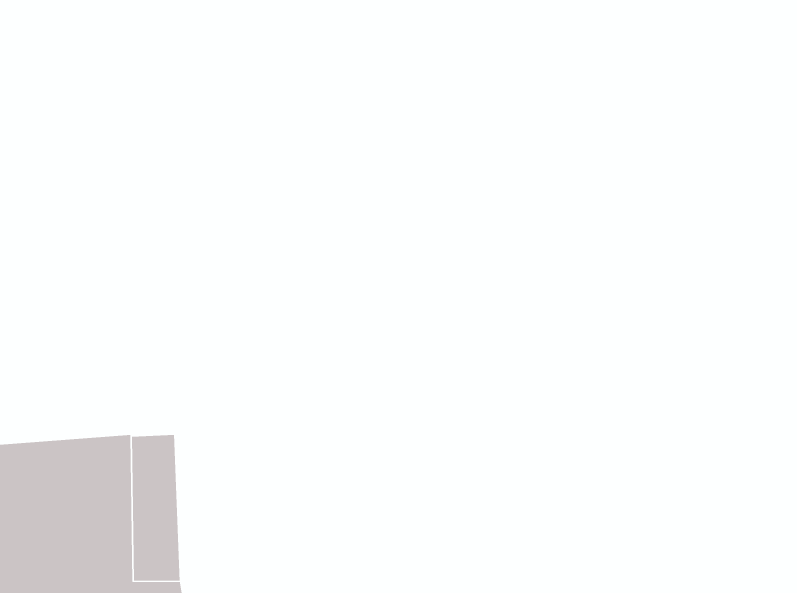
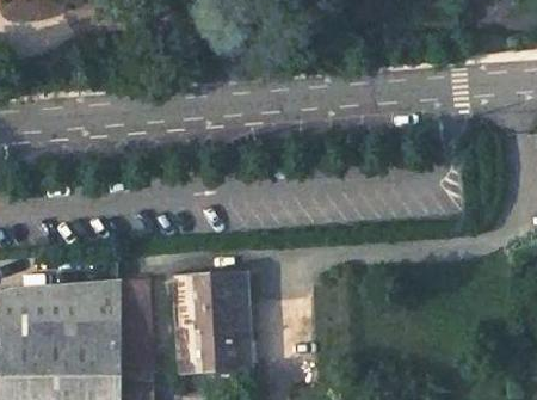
building: none -> [180,278,242,370]

